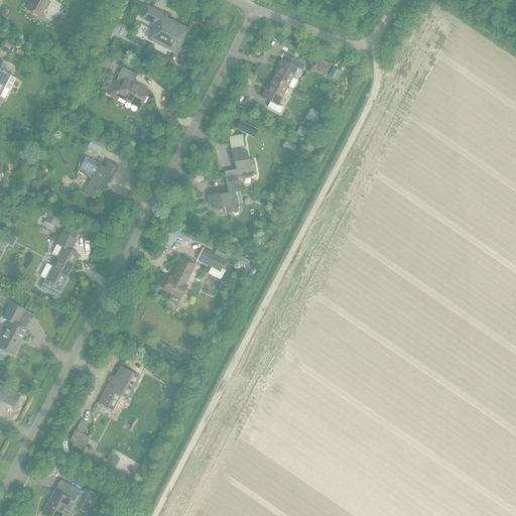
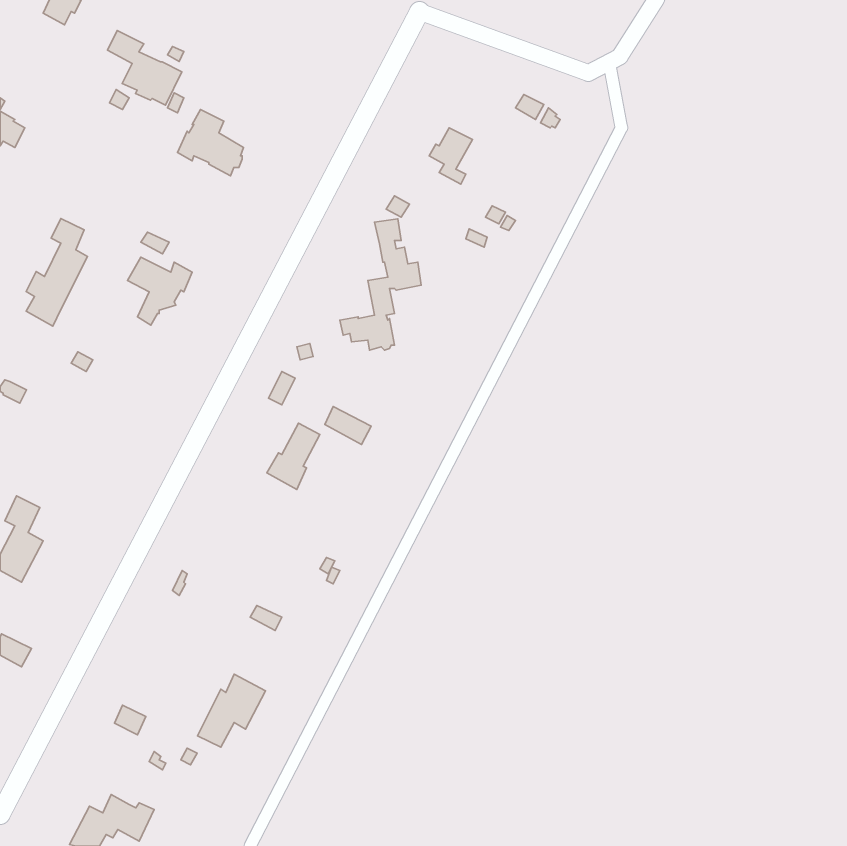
building: [140,4,185,49] -> [107,30,182,105]
building: [273,56,304,88] -> none
building: [40,230,78,295] -> [26,218,87,326]
building: [98,365,139,409] -> [198,674,266,747]

